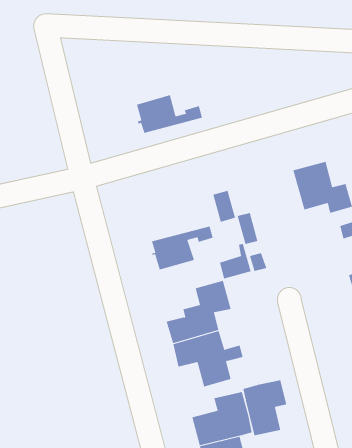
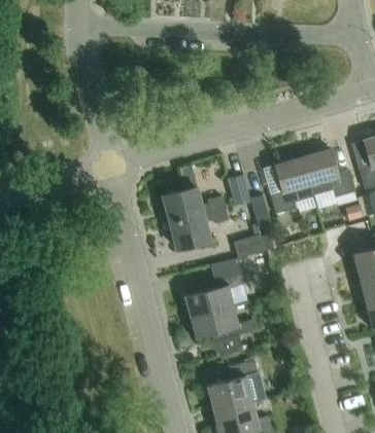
building: [136,95,203,133] -> [163,187,225,223]
building: none -> [270,157,312,214]
building: [243,379,287,436] -> none

